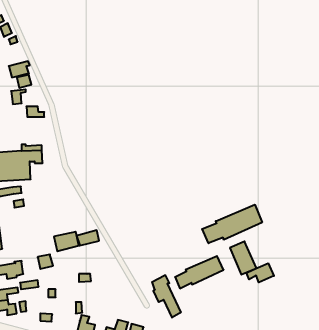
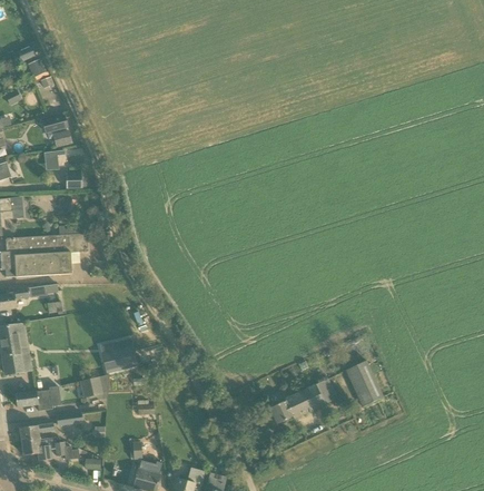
building: [202,205,262,243] -> none
building: [247,263,274,282] -> none
building: [152,275,181,318] -> none

